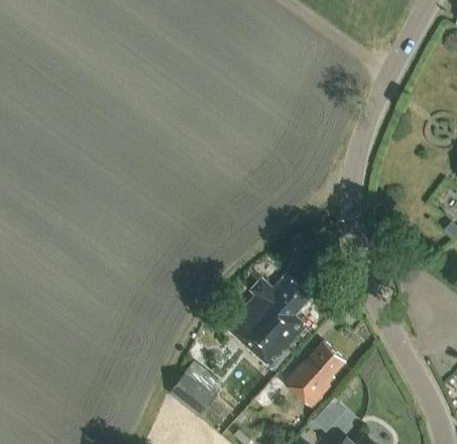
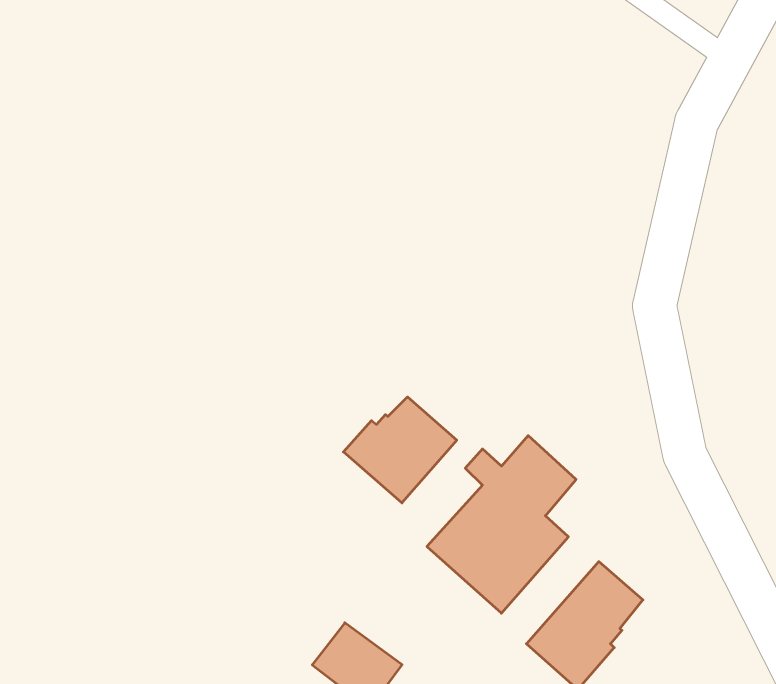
building: none -> [343,397,457,503]

